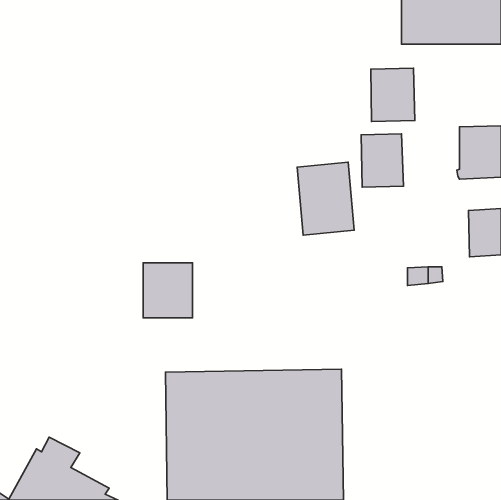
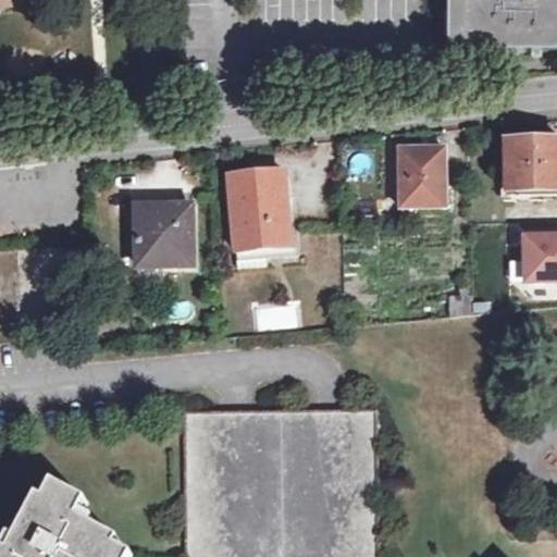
building: [371,68,415,122] -> none
building: [297,162,354,235] -> [228,169,292,249]
building: [143,263,192,318] -> [138,206,193,267]

